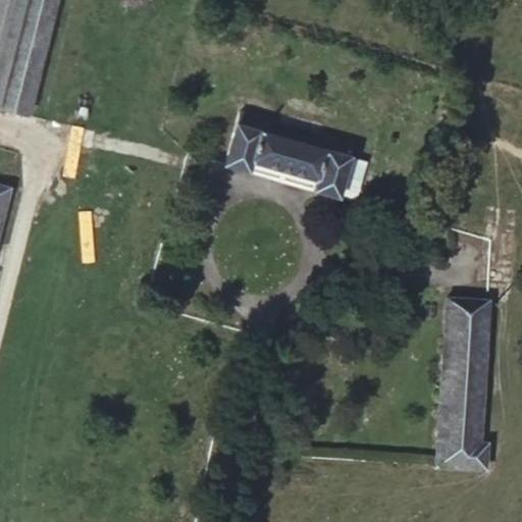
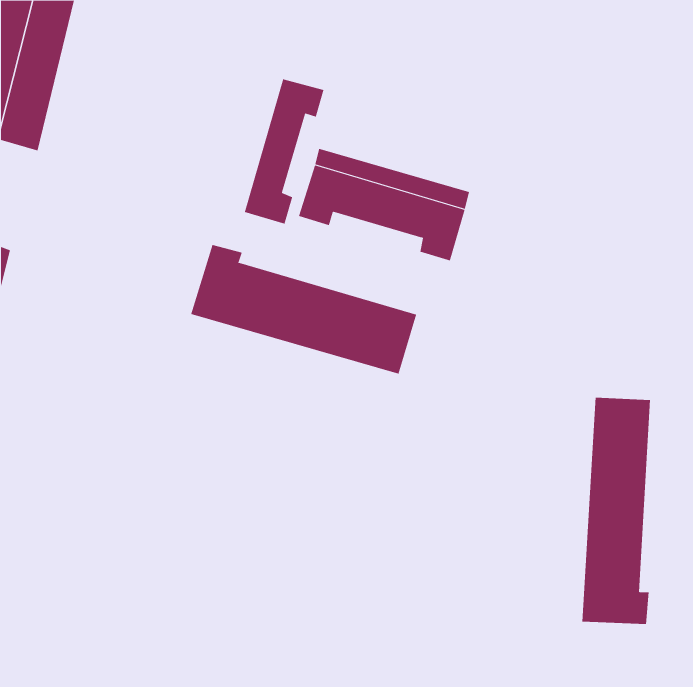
building: none -> [244,78,324,225]
building: none -> [191,244,417,374]

